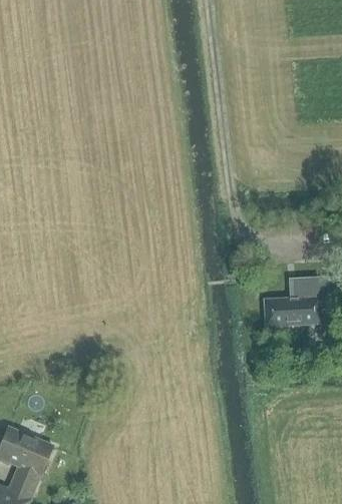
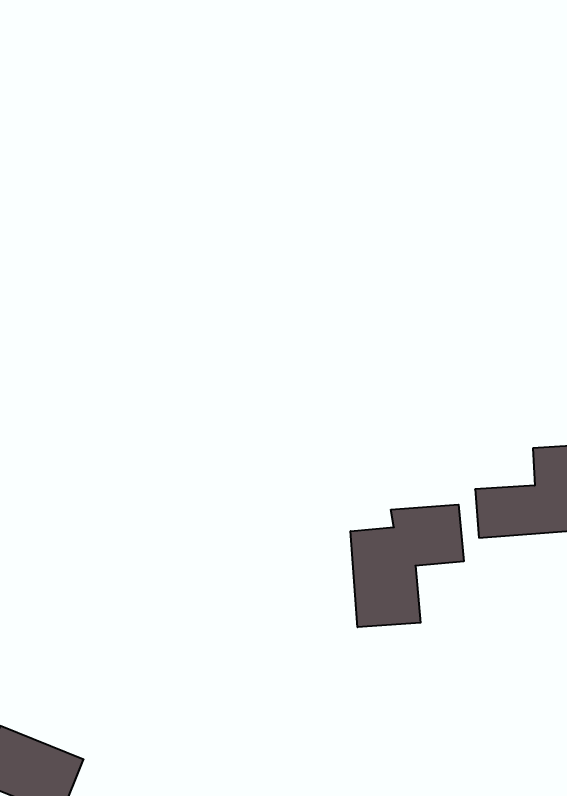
building: none -> [351,505,464,627]

